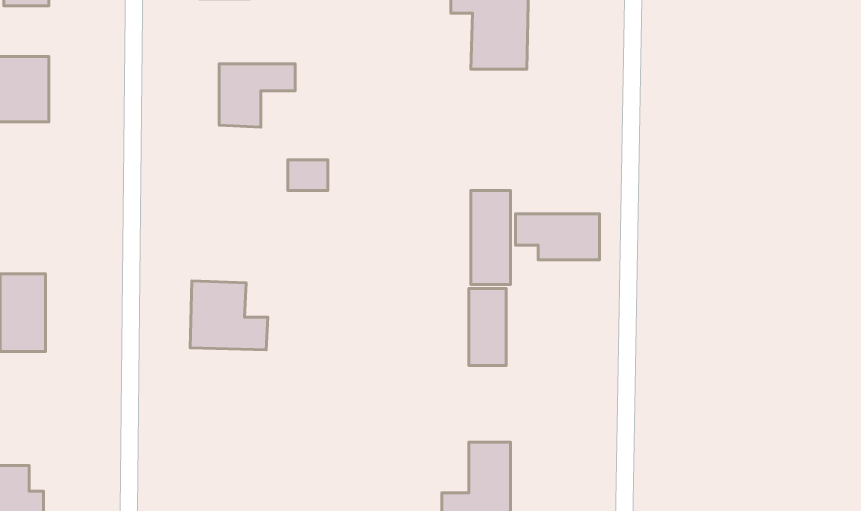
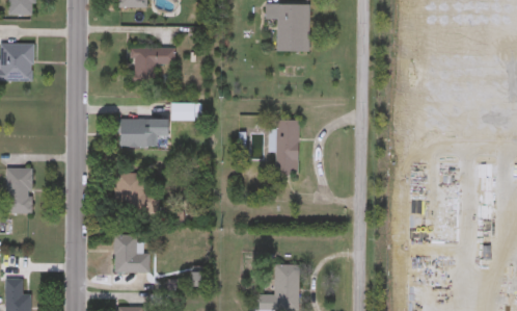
building: none -> [117,118,166,146]
building: [515,214,599,260] -> none
building: [469,288,506,366] -> none
building: none -> [114,235,148,271]

